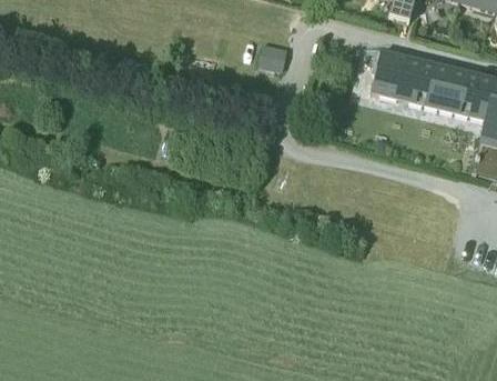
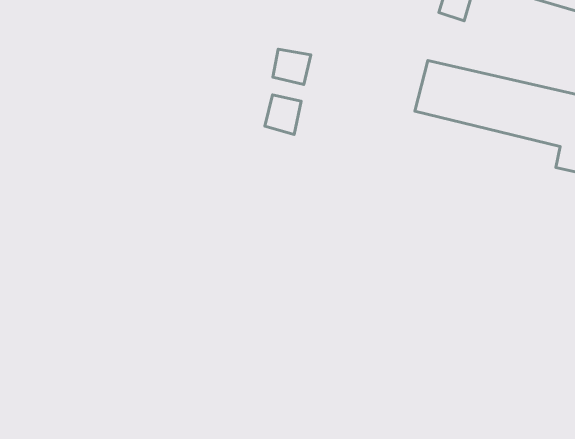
building: none -> [265,95,301,135]

